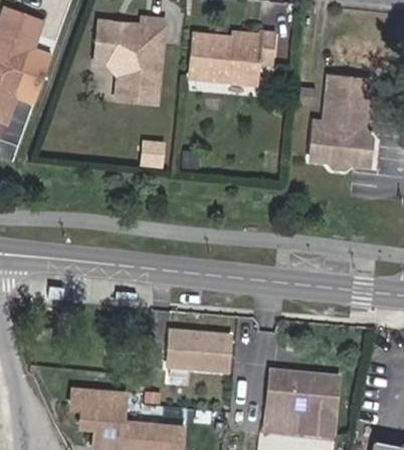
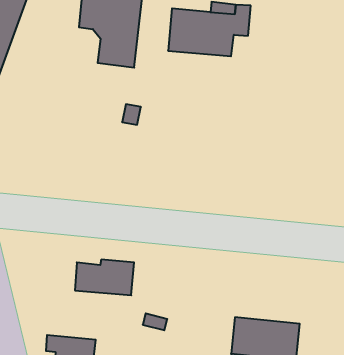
building: [313,73,373,167] -> none
building: [163,329,226,367] -> [75,260,134,295]

